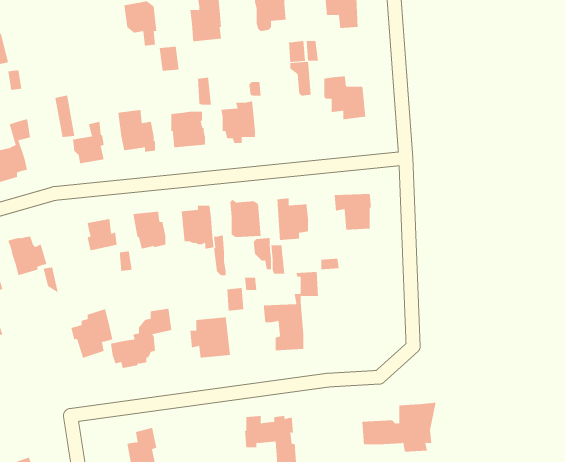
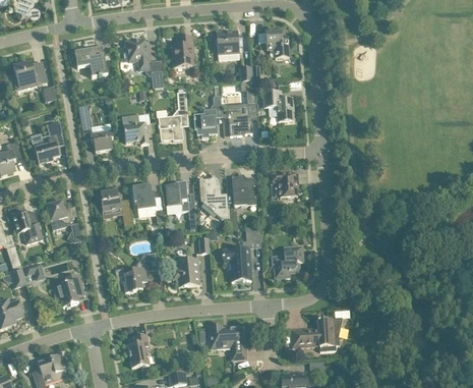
building: none -> [73,44,106,75]
building: none -> [228,108,251,134]
building: none -> [273,244,303,277]
building: [71,309,113,359] -> [54,272,83,307]

